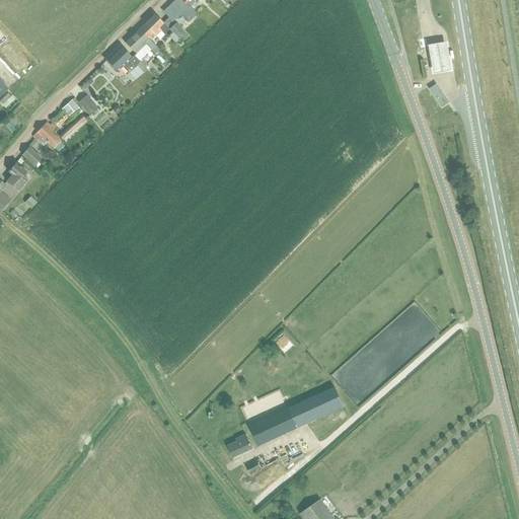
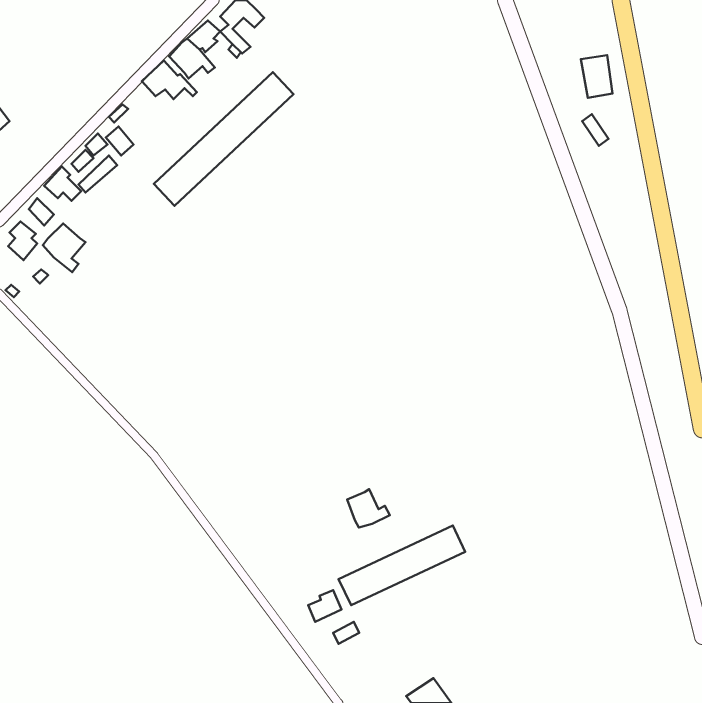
building: none -> [154,72,293,206]
building: none -> [43,223,86,272]
building: none -> [347,489,390,527]

